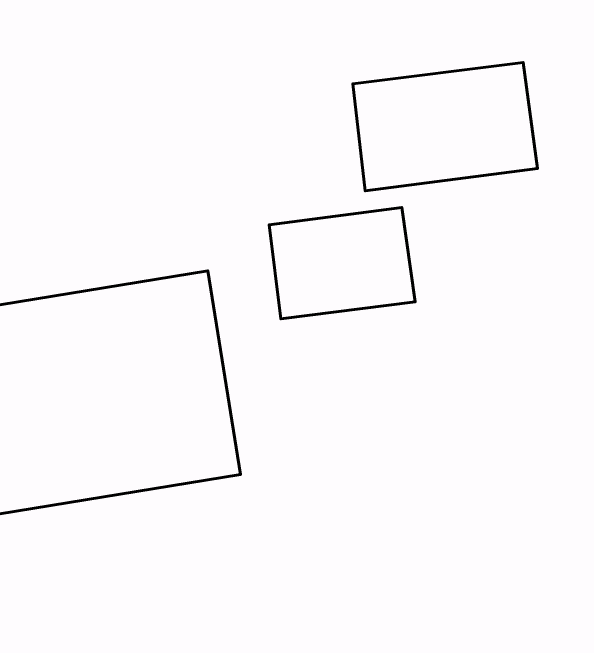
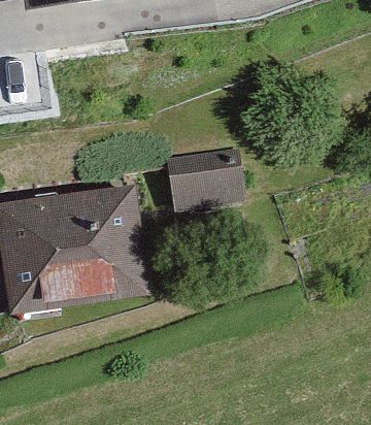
building: [353,62,538,191] -> none

